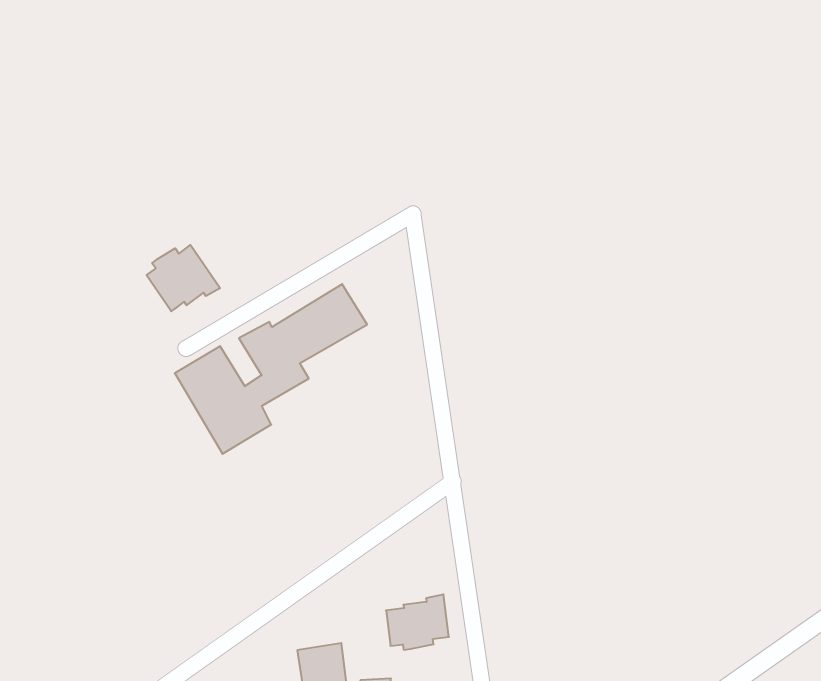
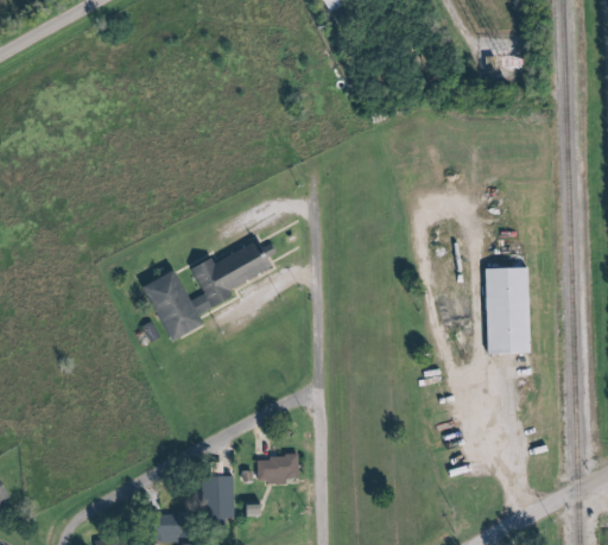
building: [147,245,220,311] -> none
building: none -> [487,265,531,354]

